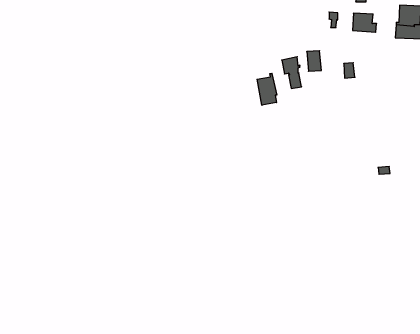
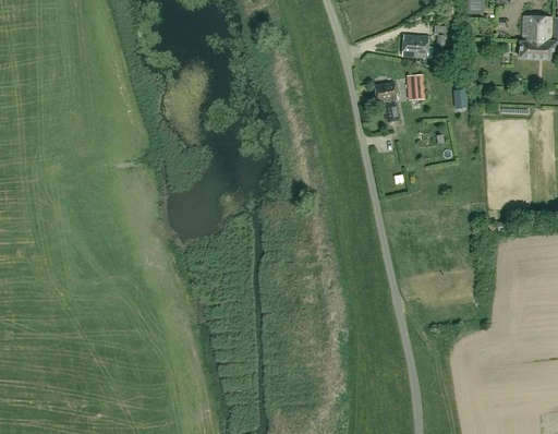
building: [353,13,377,32] -> [401,34,432,58]
building: [257,73,277,105] -> none

